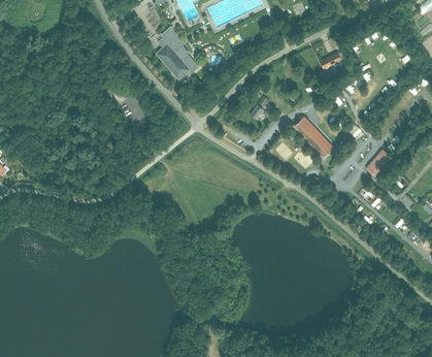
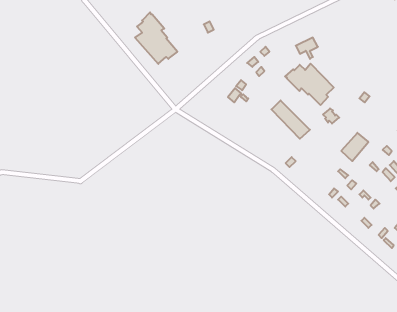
building: none -> [285,64,334,105]

